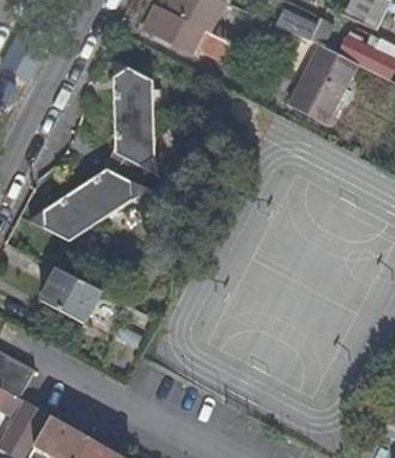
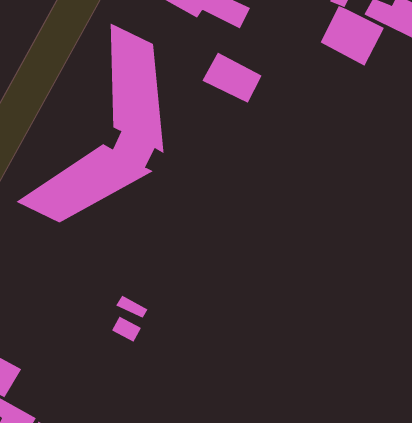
building: [286,78,340,125] -> [202,52,263,104]
building: [38,269,98,323] -> none

